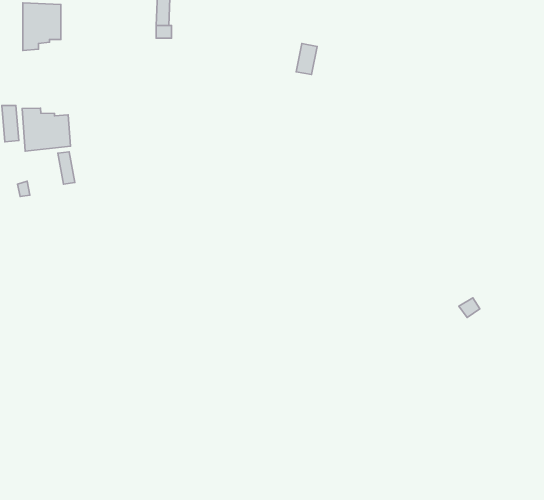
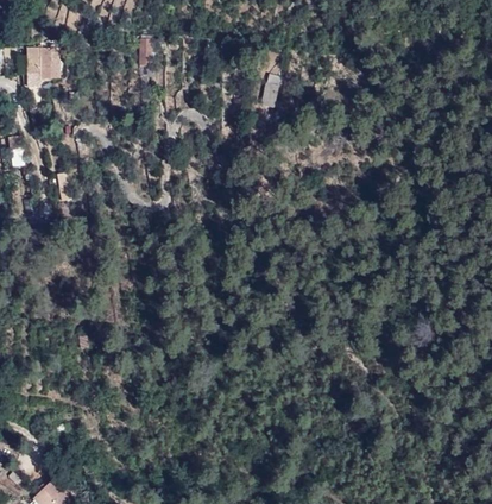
building: [22,108,70,151] -> none

